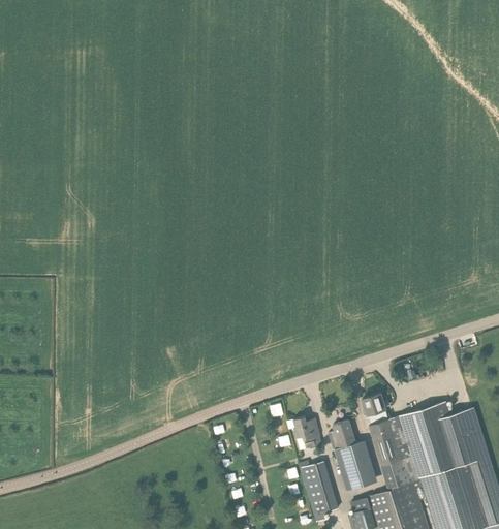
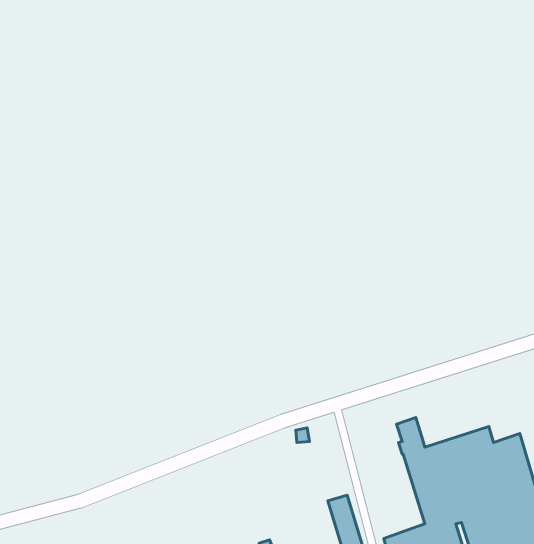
building: [294,416,322,450] -> none
building: [334,419,373,491] -> none

